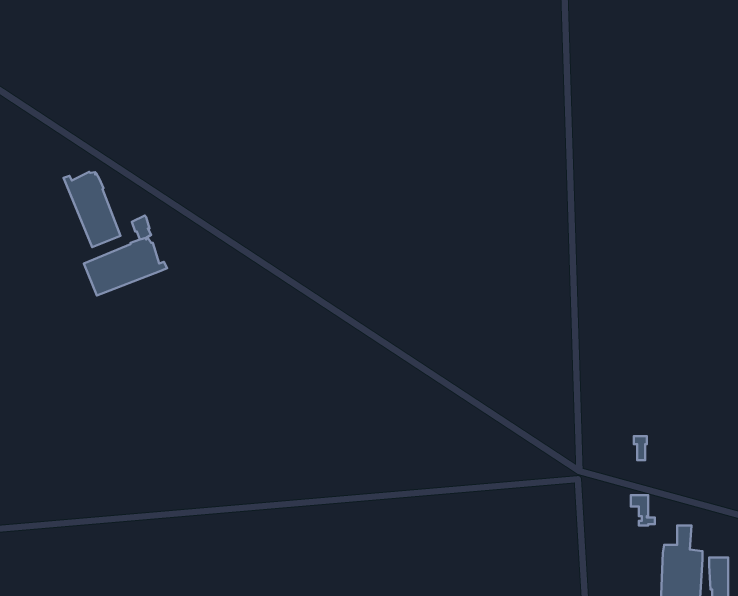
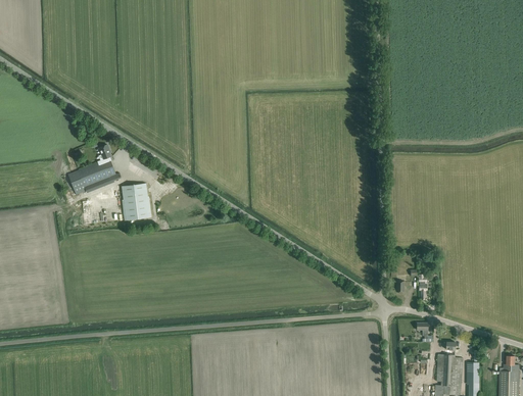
building: [64,172,121,247] -> none
building: none -> [122,184,149,220]

